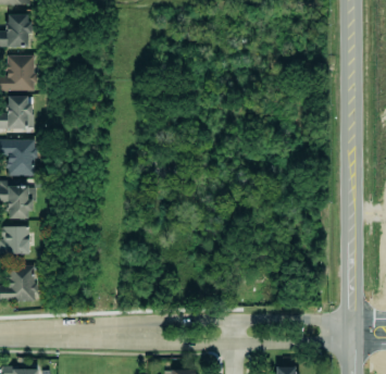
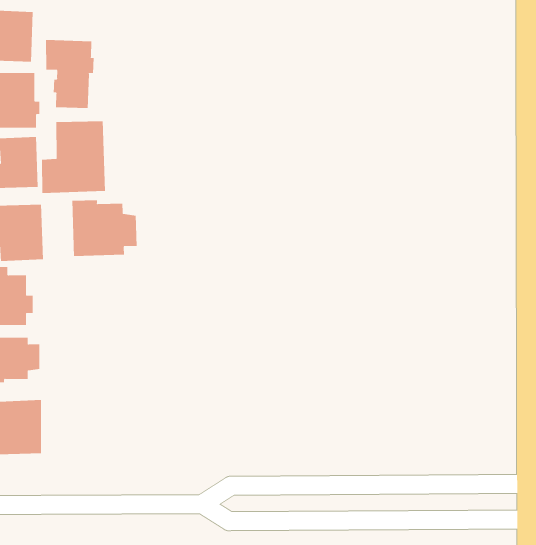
building: none -> [46,39,94,109]
building: none -> [41,120,106,194]
building: none -> [72,199,137,257]

